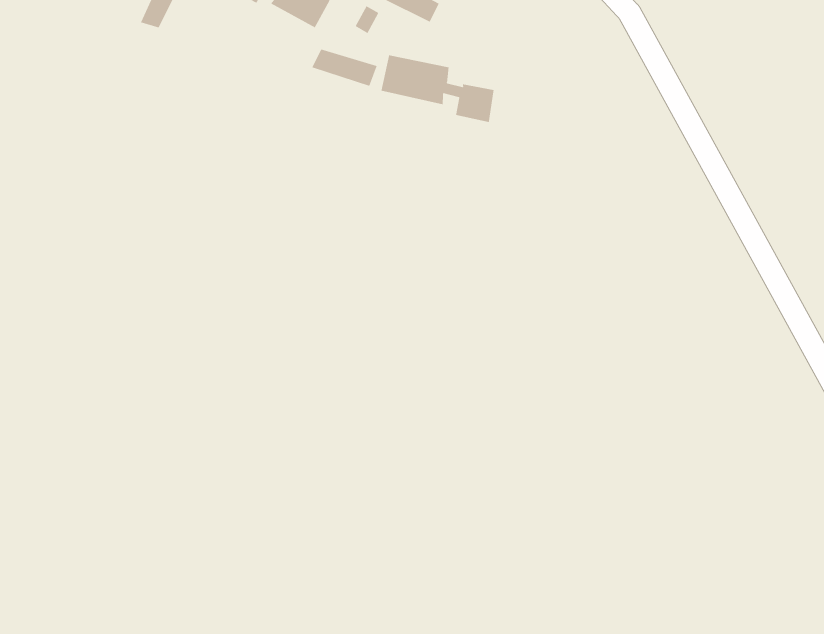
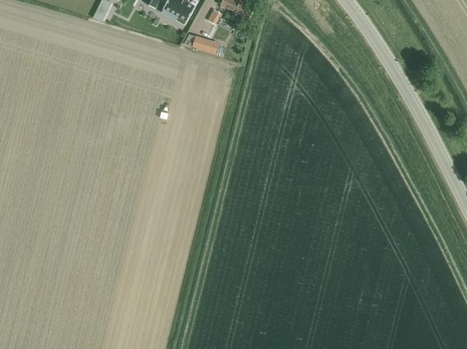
building: [381,54,494,123] -> none

